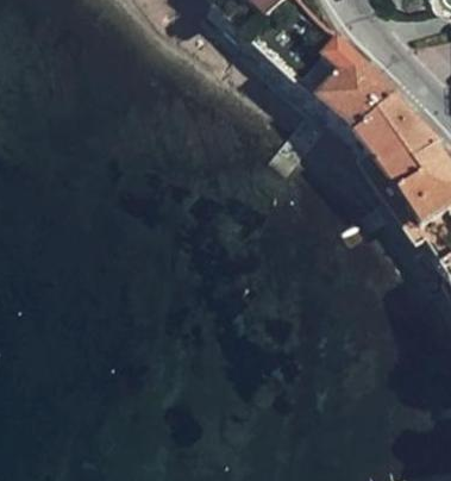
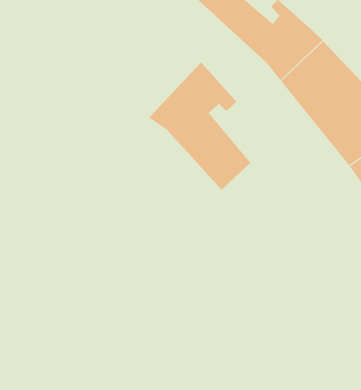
building: none -> [148,60,251,190]

